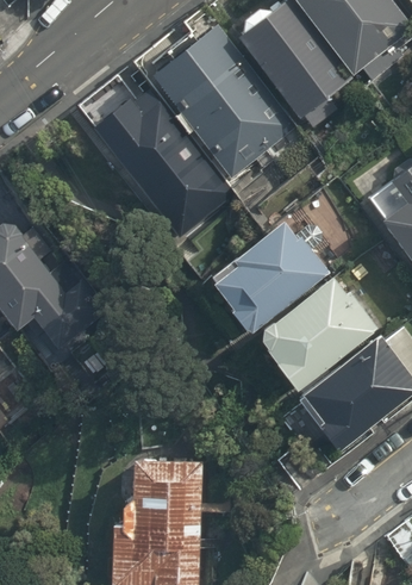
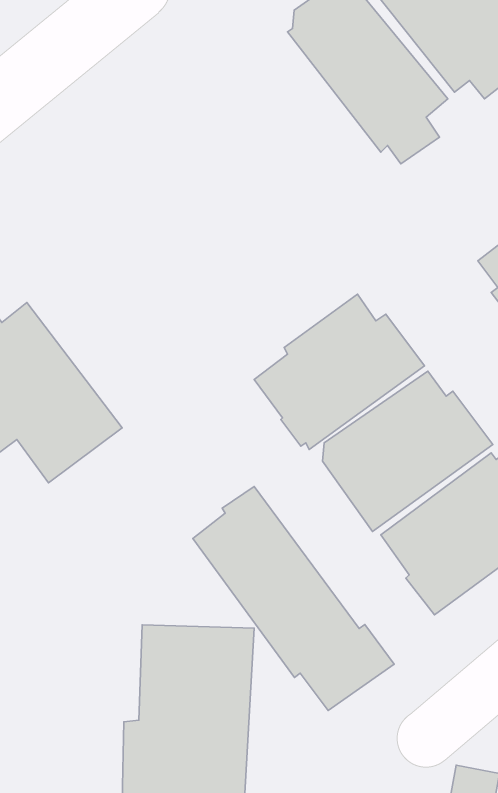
building: [144,18,298,179] -> none
building: [87,83,233,237] -> none
building: none -> [193,486,394,711]

